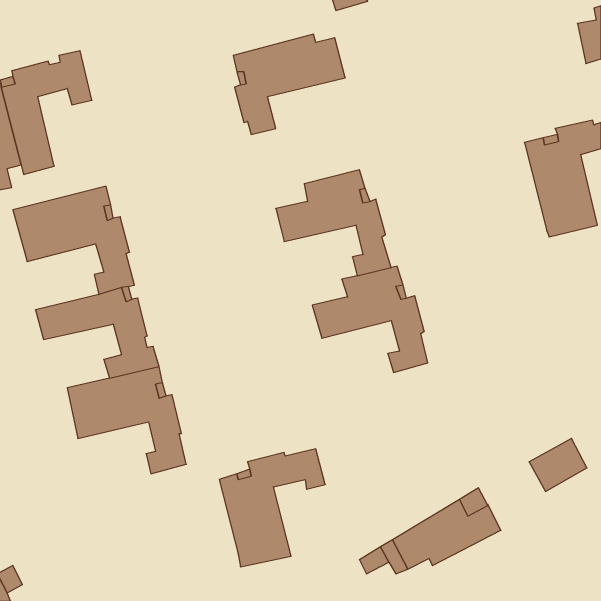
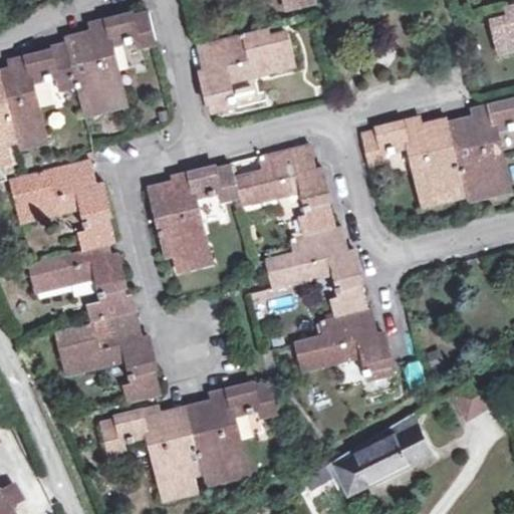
building: none -> [66,15,152,115]
building: none -> [361,117,466,208]
building: none -> [146,164,240,270]
building: none -> [297,309,391,379]
building: none -> [99,407,203,500]

